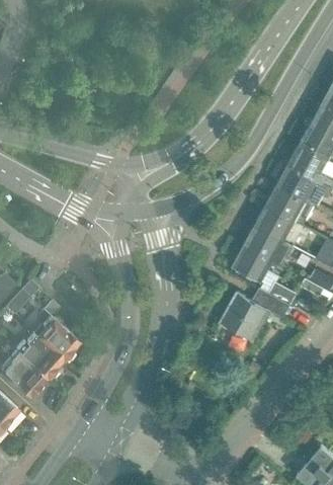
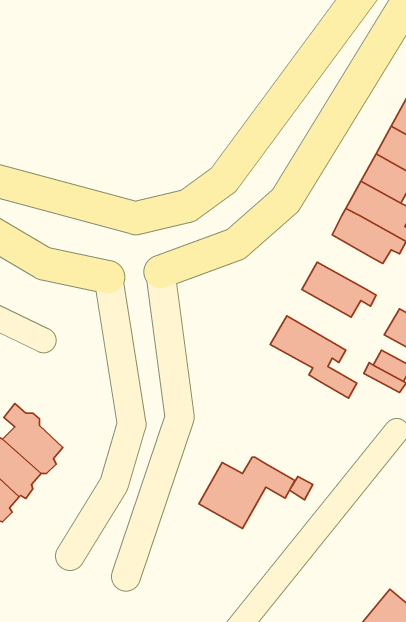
building: [266,185,313,226] -> none
building: [244,226,292,266] -> none
building: [219,289,289,341] -> [199,457,295,528]

